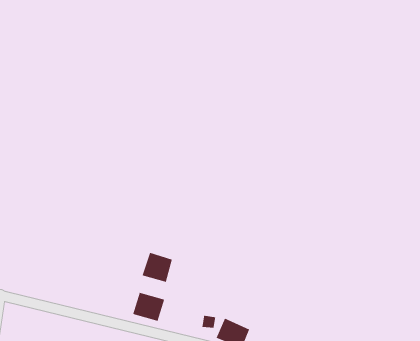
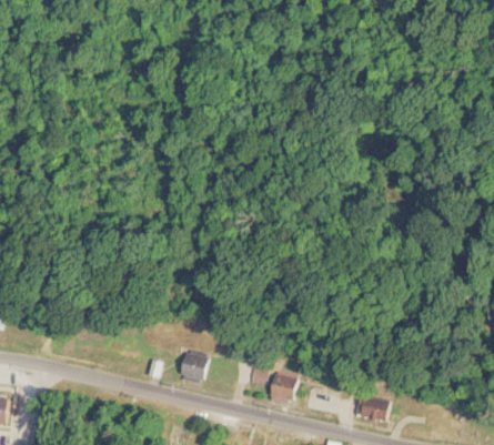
building: [141,252,173,283] -> none

